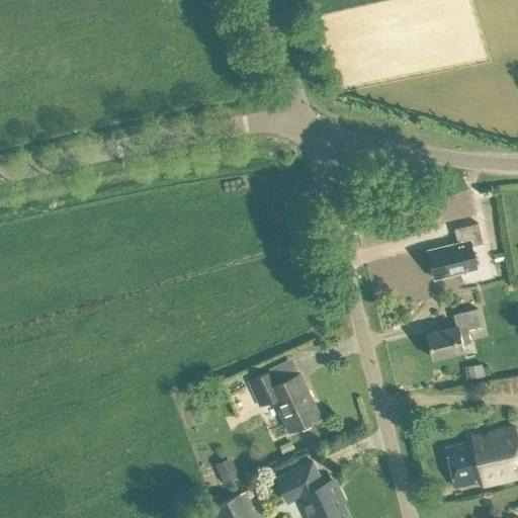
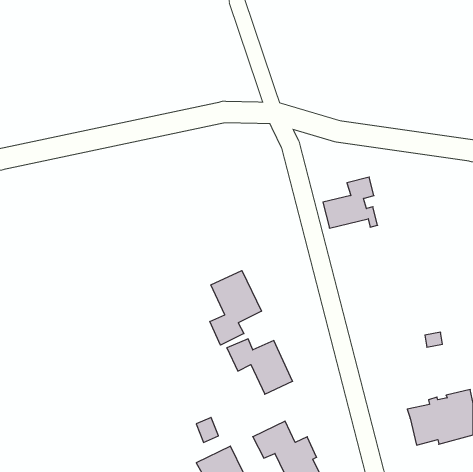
building: [427,224,487,279] -> [323,177,378,228]
building: none -> [210,271,261,345]
building: [427,310,481,359] -> none

